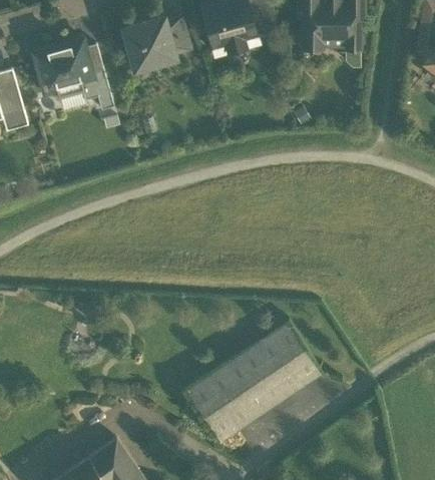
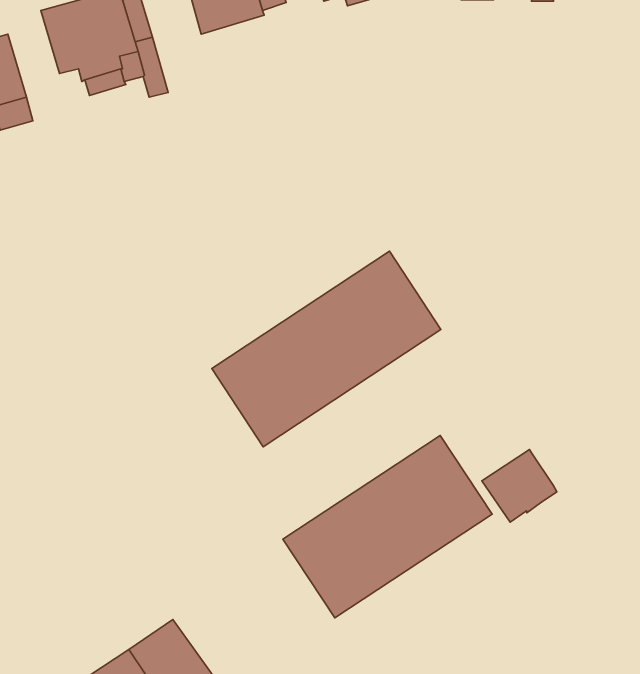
building: none -> [212,251,441,447]
building: none -> [482,450,557,522]

